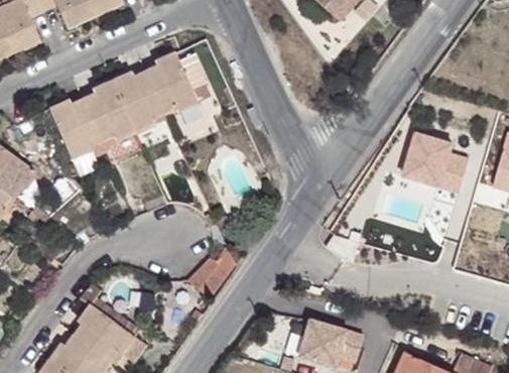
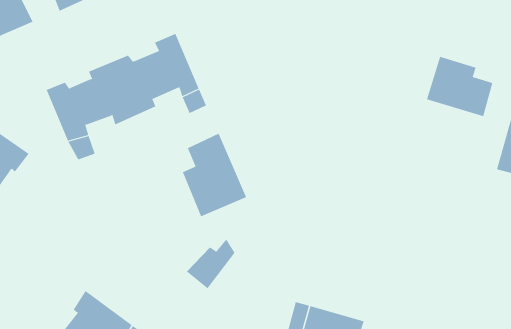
building: [402,133,468,193] -> [426,56,493,117]
building: none -> [182,133,247,217]

